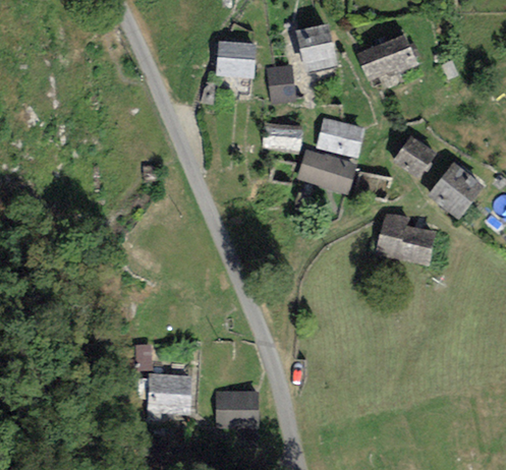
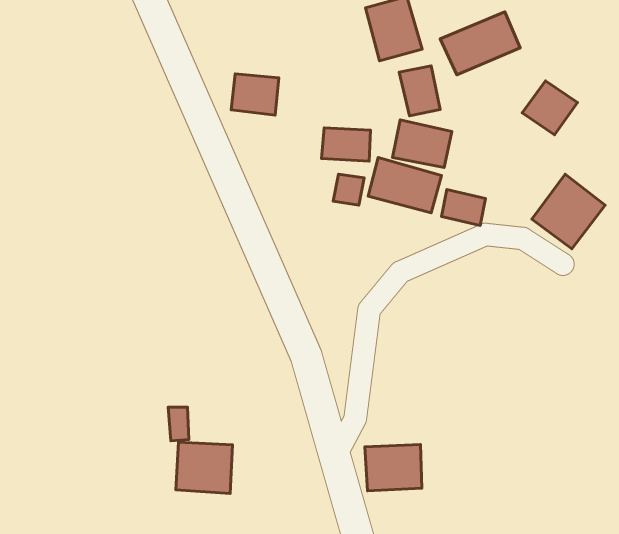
building: [217,40,255,72] -> [231,74,279,115]
building: [265,64,297,104] -> [399,66,440,116]
building: [392,134,436,177] -> [522,81,578,135]
building: [378,215,434,265] -> none
building: [215,391,260,427] -> [365,444,422,491]

